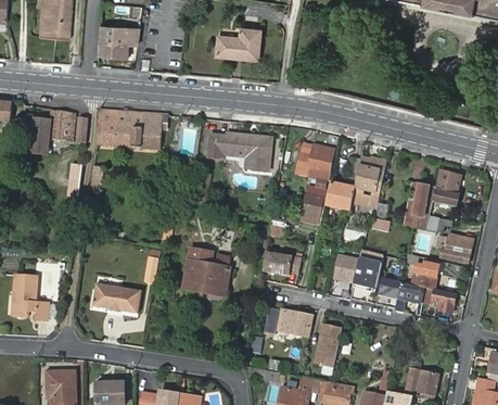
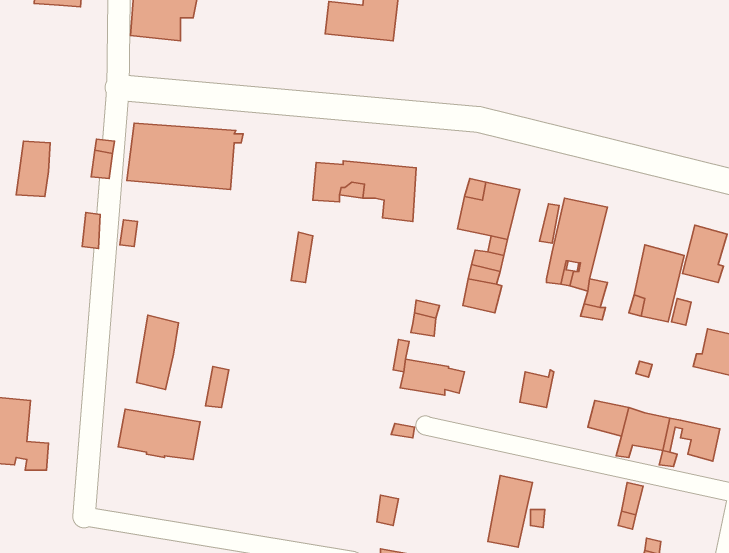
building: [48,110,75,140] -> none
building: [325,181,354,210] -> none
building: none -> [137,315,178,389]
building: [181,248,230,295] -> none
building: [352,251,383,289] -> none
building: [410,263,437,289] -> none
building: [273,308,311,337] -> none

